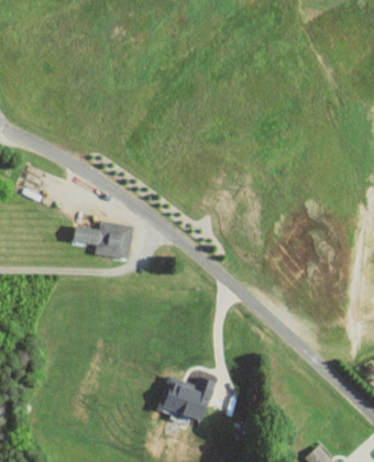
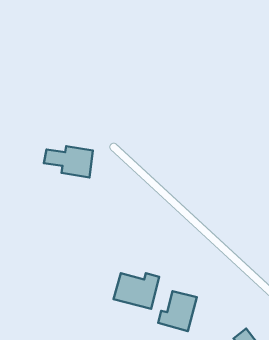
building: none -> [158,291,197,331]

